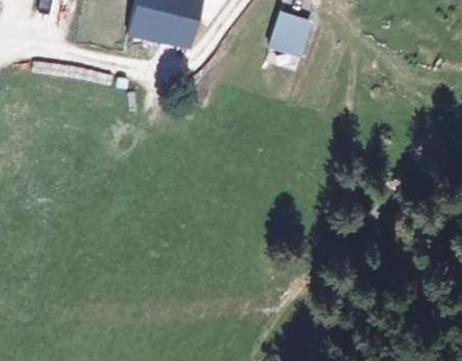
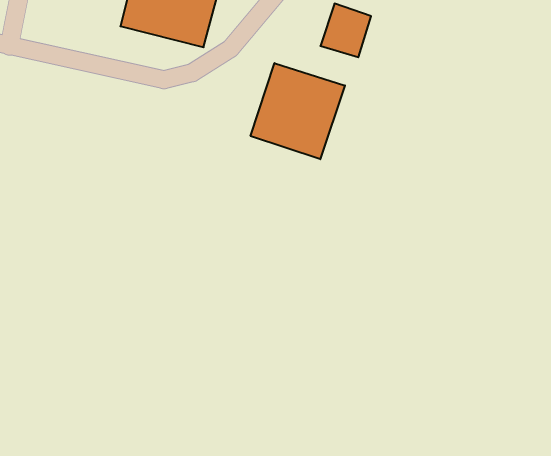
building: none -> [251,63,345,159]

